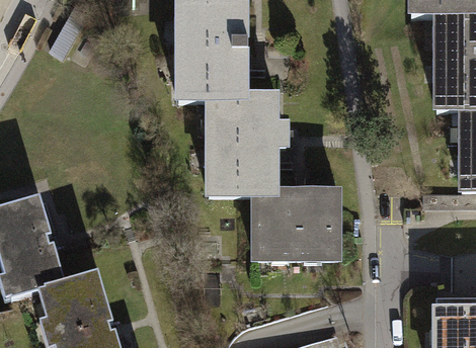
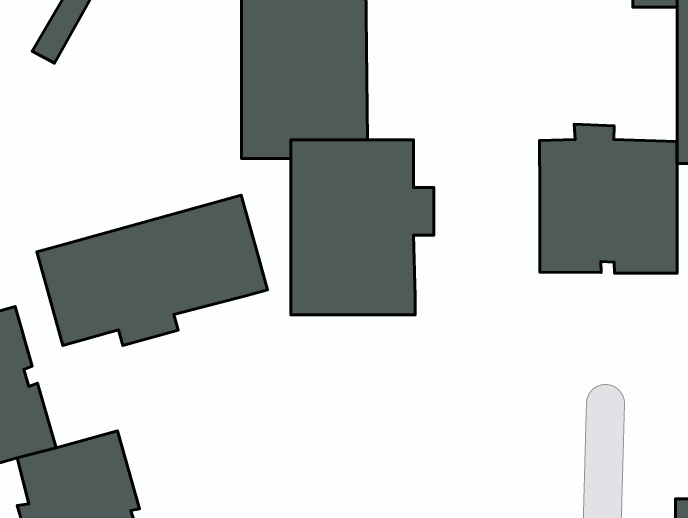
building: none -> [539,124,677,273]
building: none -> [37,195,268,345]
building: [249,188,340,259] -> none

